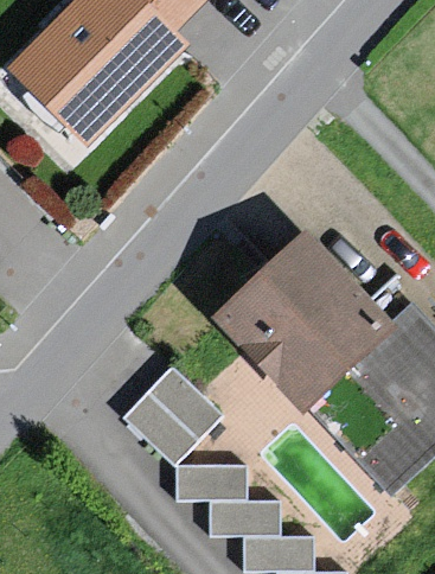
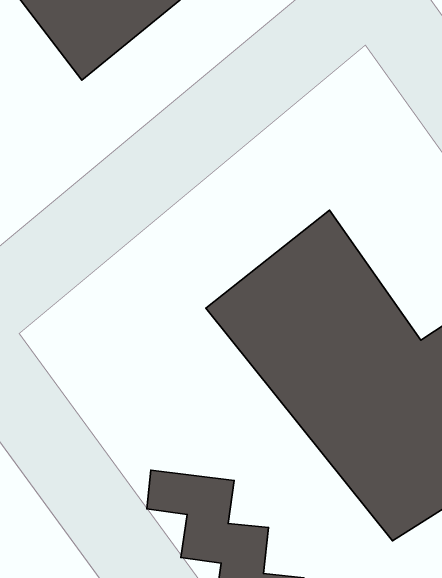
building: [129,359,231,461] -> none

